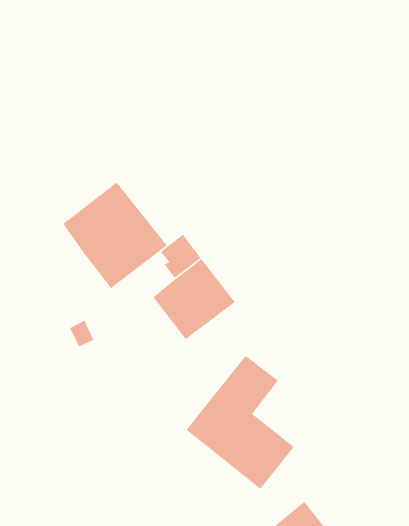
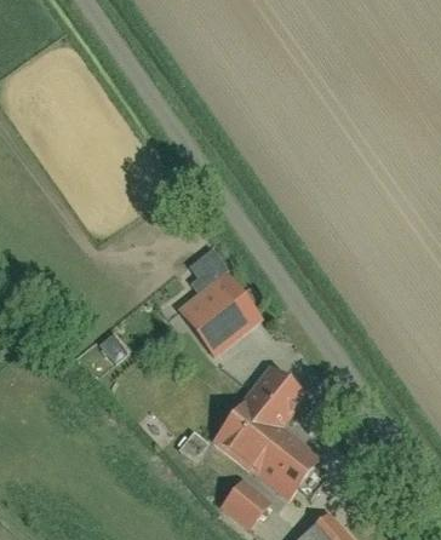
building: [62,181,168,289] -> none
building: none -> [219,481,273,532]

